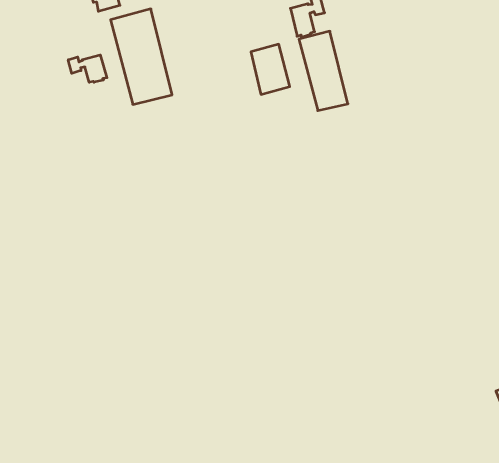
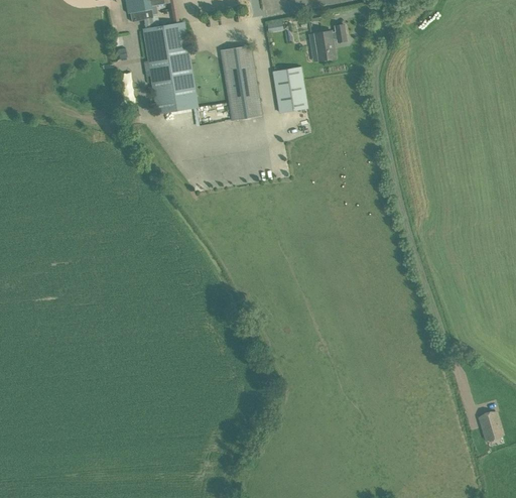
building: [299,31,348,111] -> [220,45,261,120]
building: [68,55,107,82] -> none

